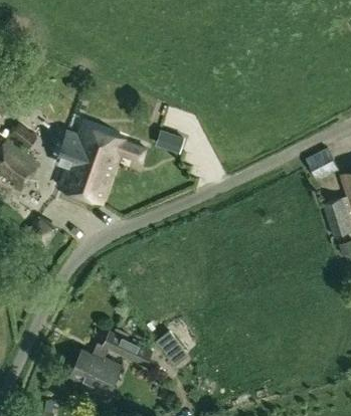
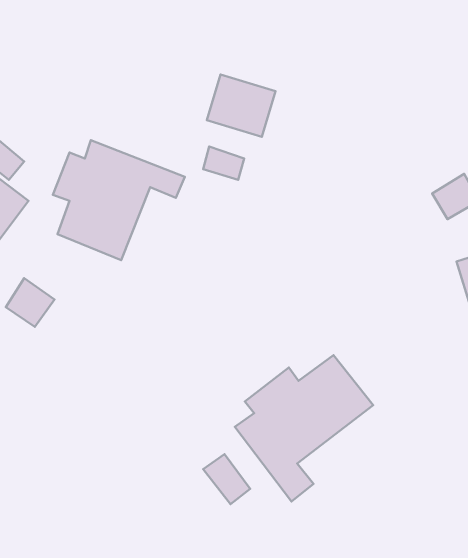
building: none -> [207,75,276,137]
building: none -> [235,355,373,501]
building: [69,332,151,396] -> none

